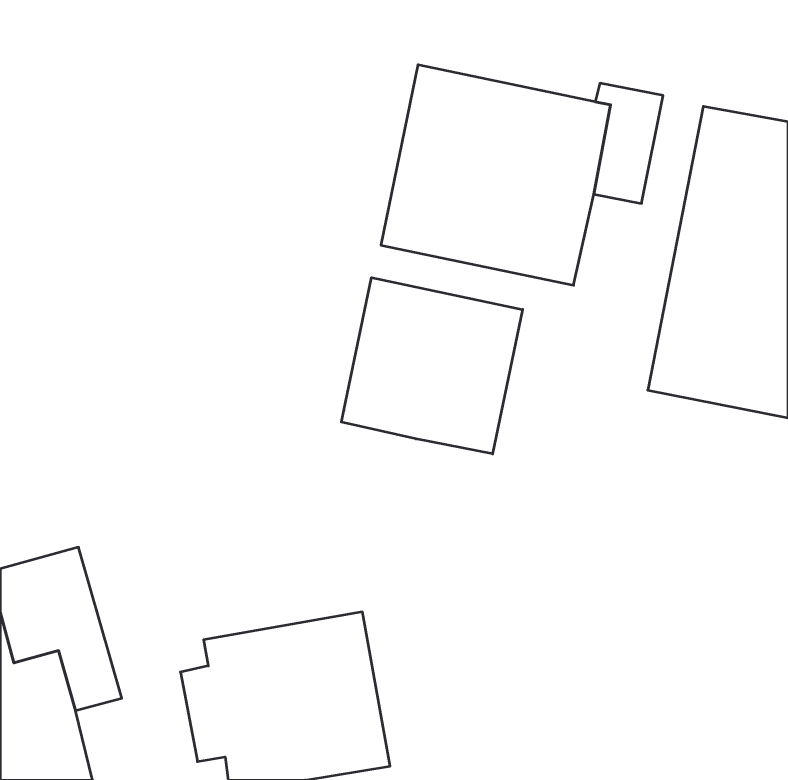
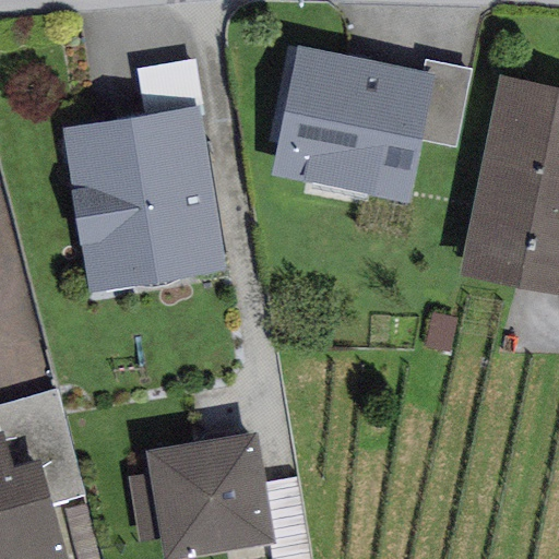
building: none -> [61,106,227,295]
building: [341,278,523,454] -> none

